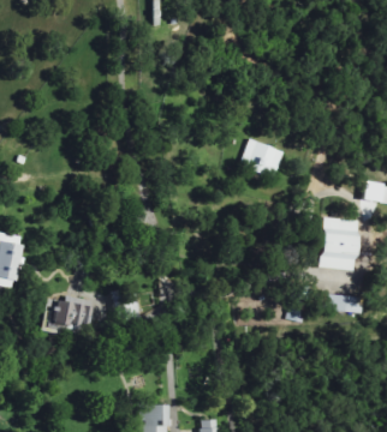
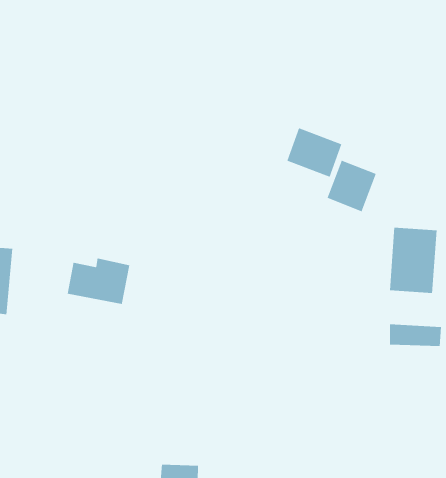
building: none -> [327,160,376,212]
building: [42,295,93,332] -> [67,258,130,305]

